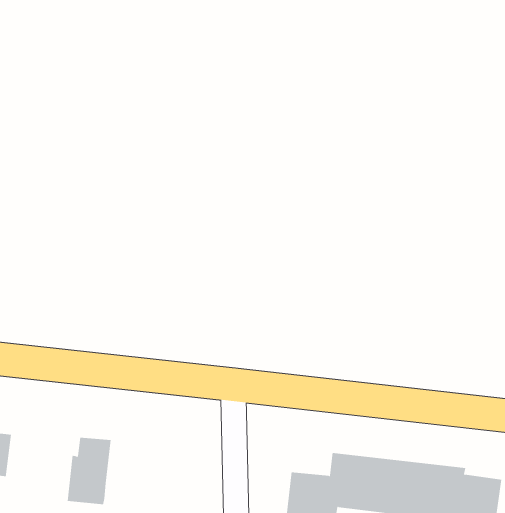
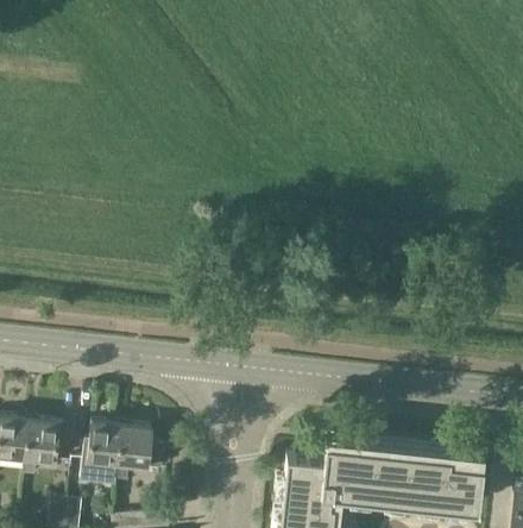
building: none -> [23,421,63,477]
building: none -> [115,426,164,482]

